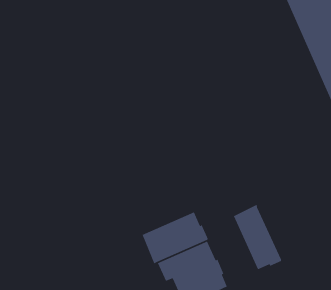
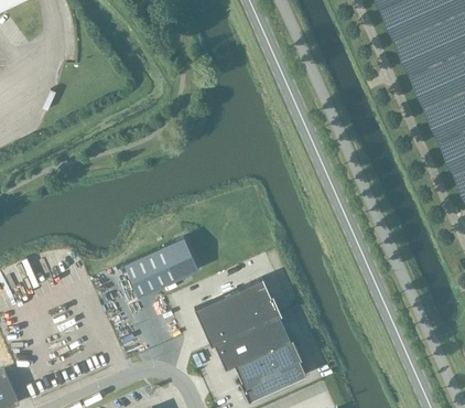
building: none -> [123,238,198,298]
building: [233,204,282,270] -> none

